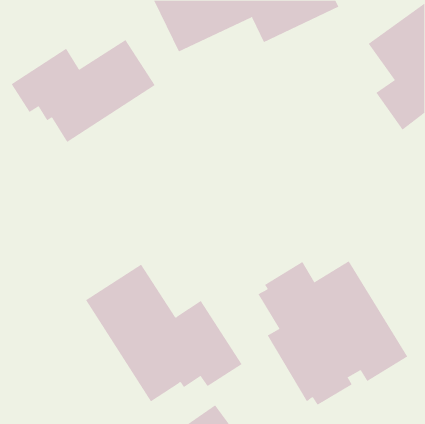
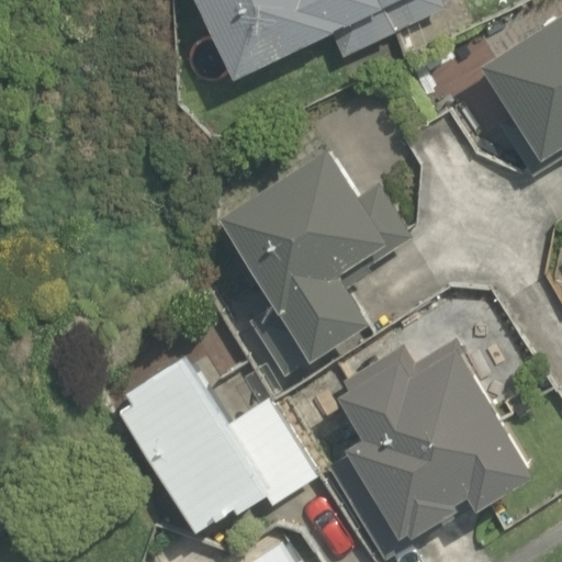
building: [11,39,156,143] -> none
building: none -> [218,146,412,385]

